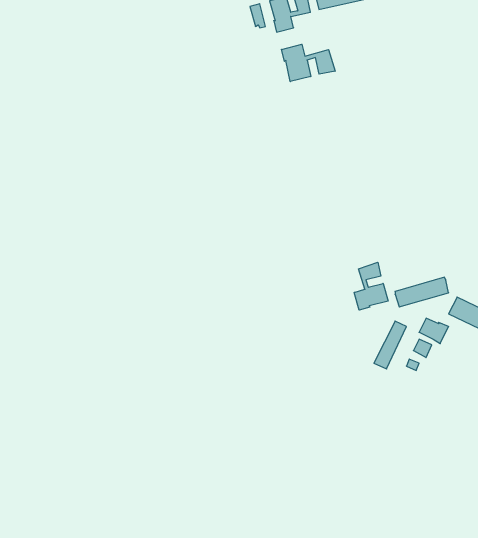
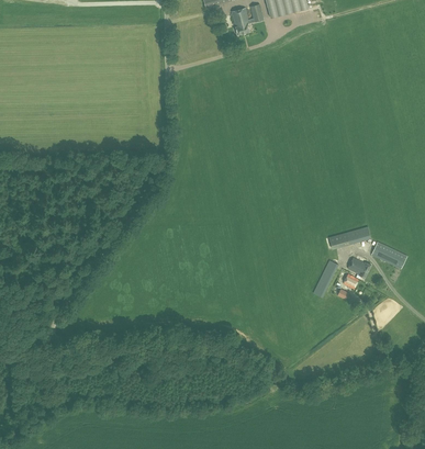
building: [281,44,335,82] -> none
building: [354,262,388,310] -> none

